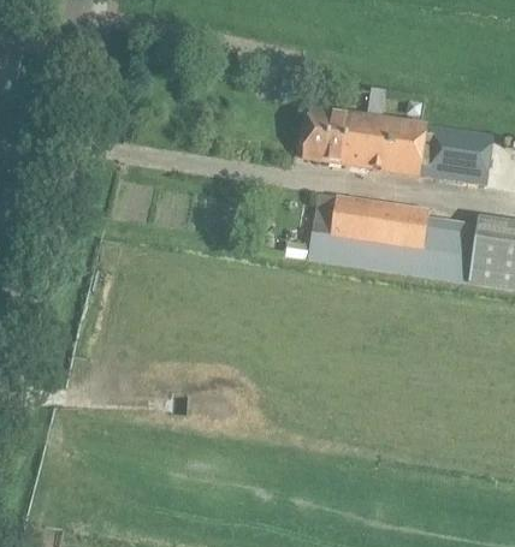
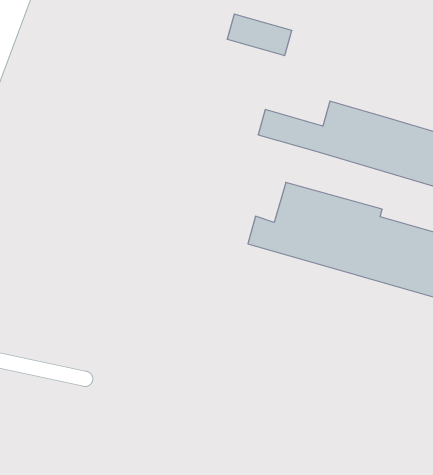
building: [304,106,363,138] -> [227,14,292,56]

